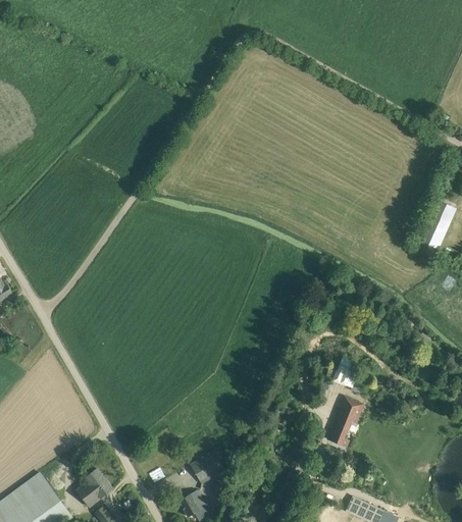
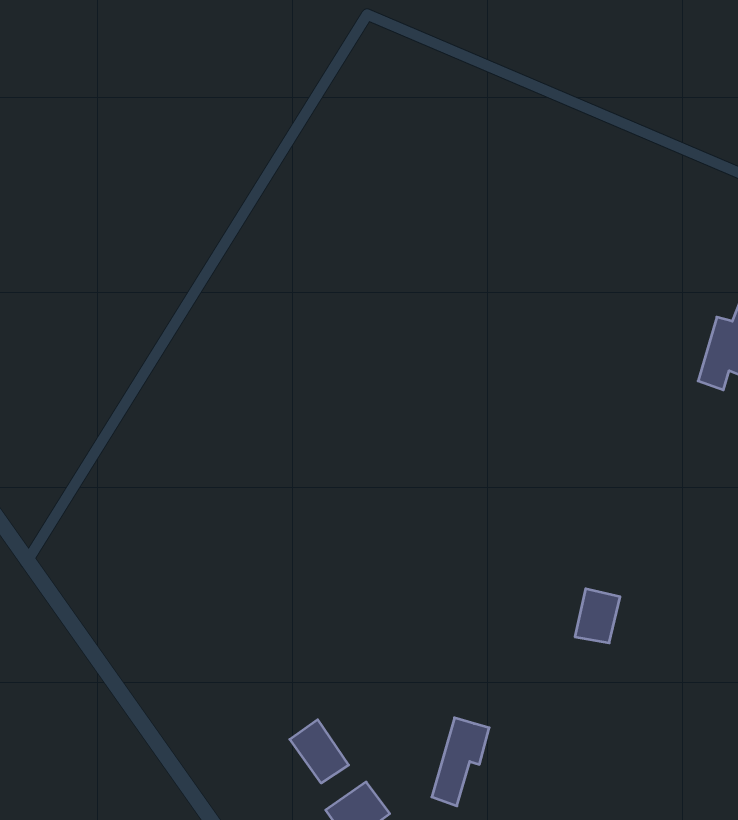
building: [328,398,363,446] -> [432,718,489,806]
building: none -> [290,720,349,783]

